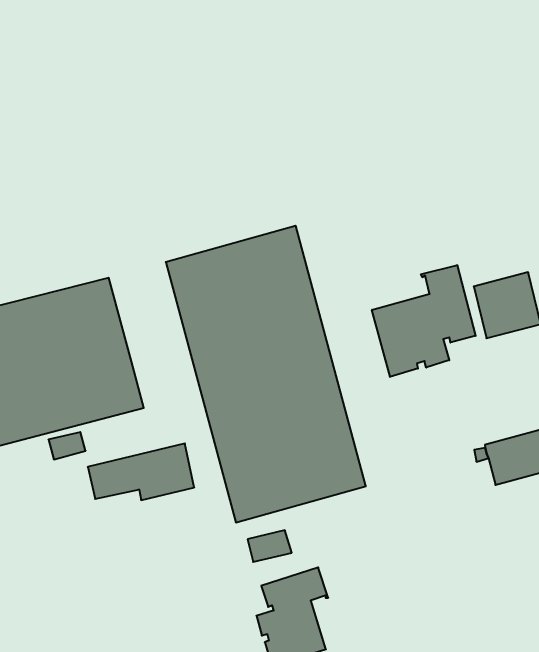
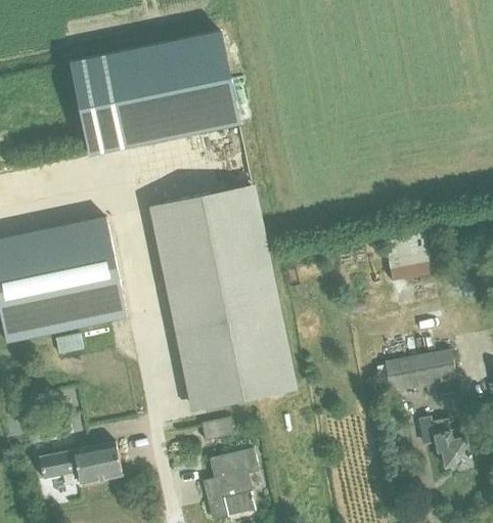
building: none -> [70,32,239,156]
building: [372,265,476,377] -> none
building: [88,443,194,500] -> [39,441,119,482]

